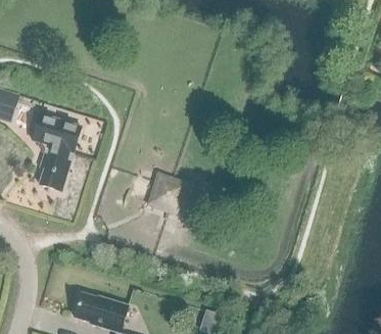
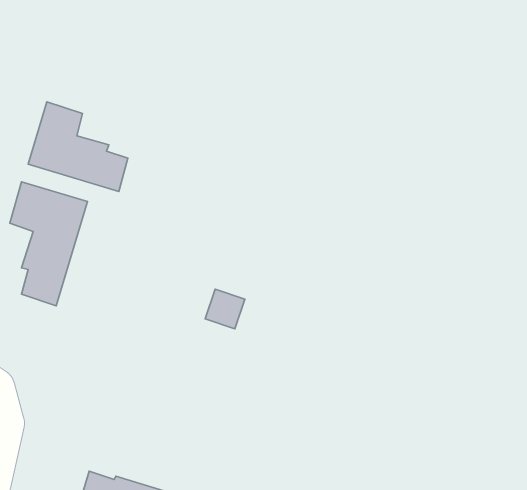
building: none -> [28,102,128,191]

